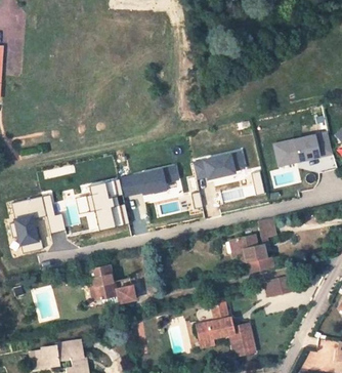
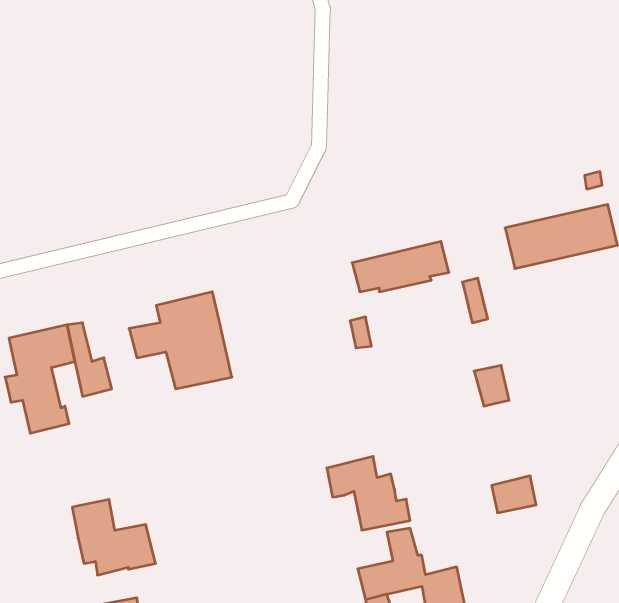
building: [119,166,177,196] -> none
building: [229,235,273,274] -> [327,456,410,530]
building: [89,265,133,305] -> [72,499,156,575]

